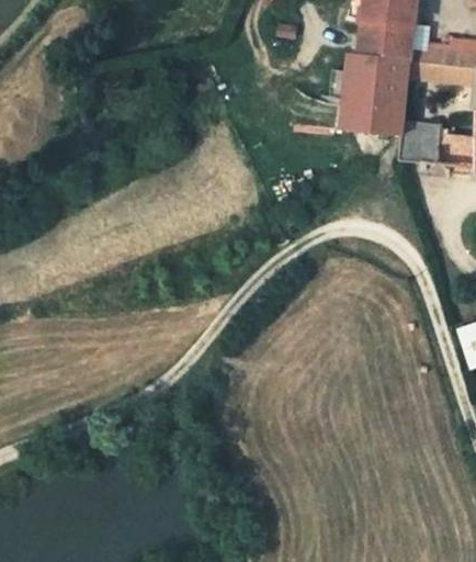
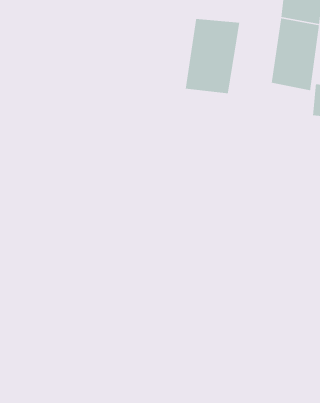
building: none -> [185,18,240,94]

